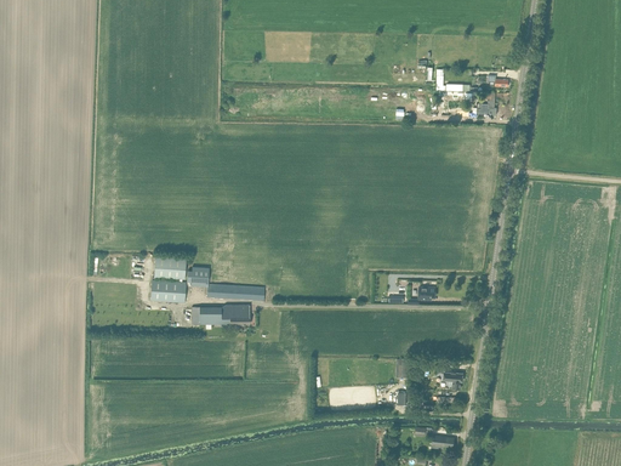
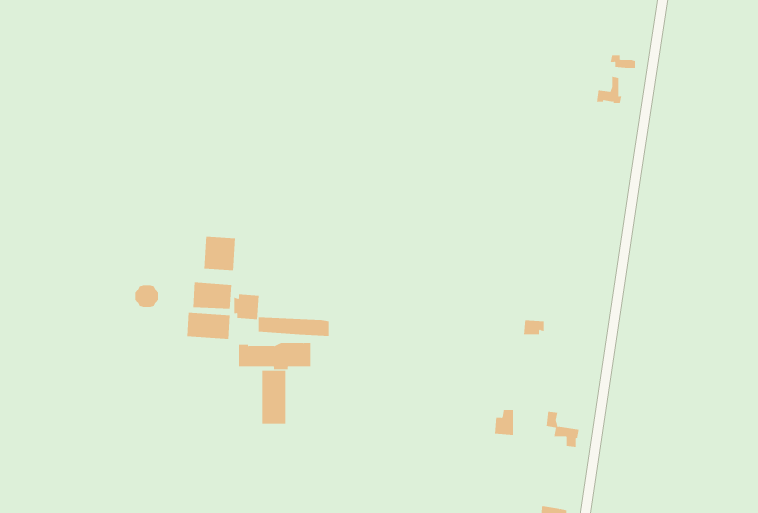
building: none -> [204,236,236,271]
building: none -> [262,370,286,424]

